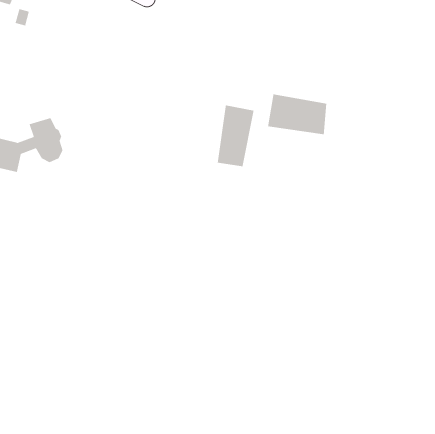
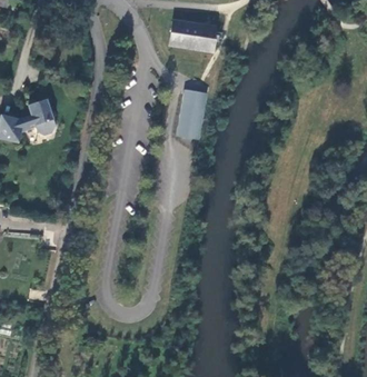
building: [267,93,327,135] -> [168,19,216,52]

